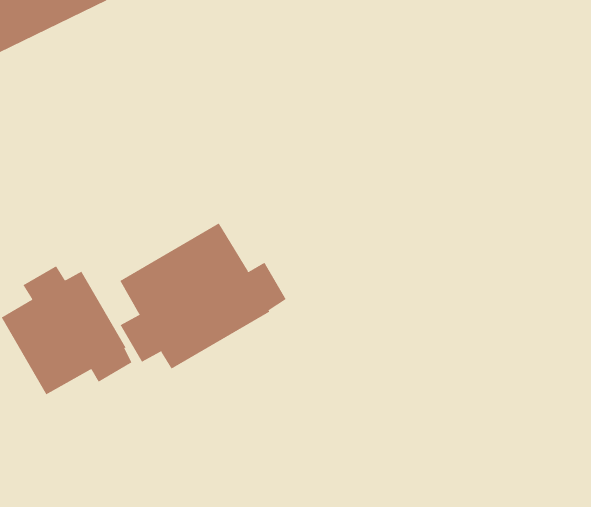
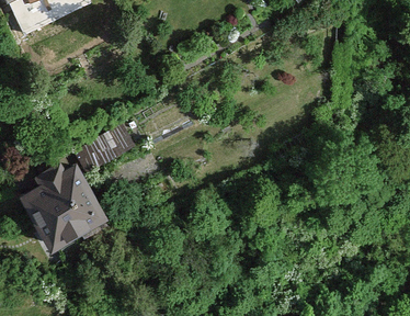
building: [119,223,287,370] -> none

